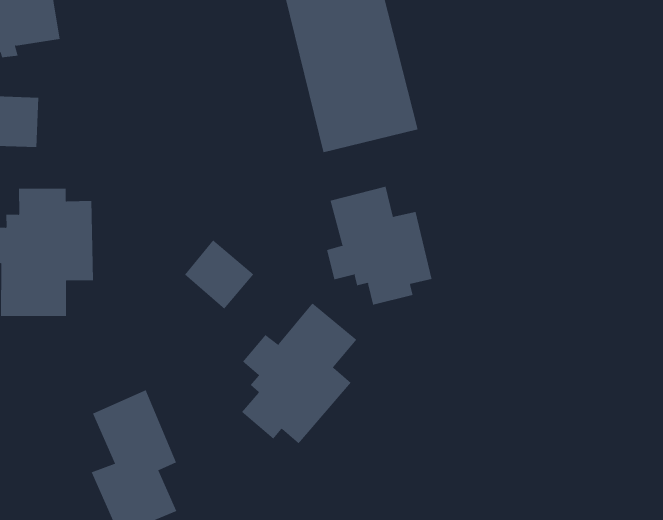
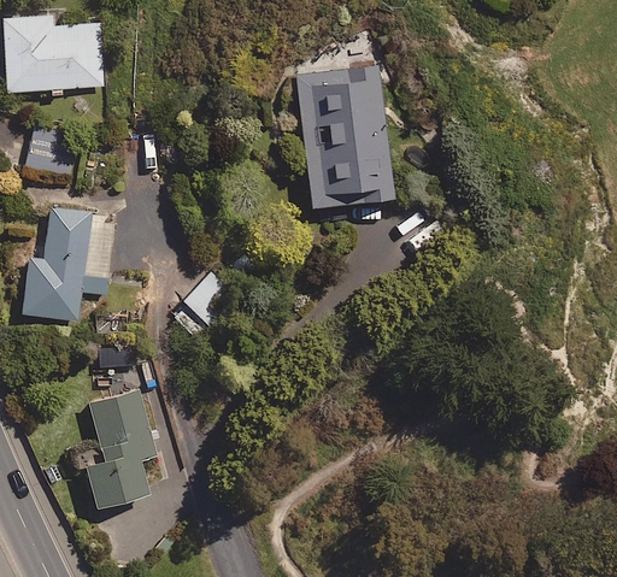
building: [326,186,432,306] -> none
building: [241,302,357,444] -> none

